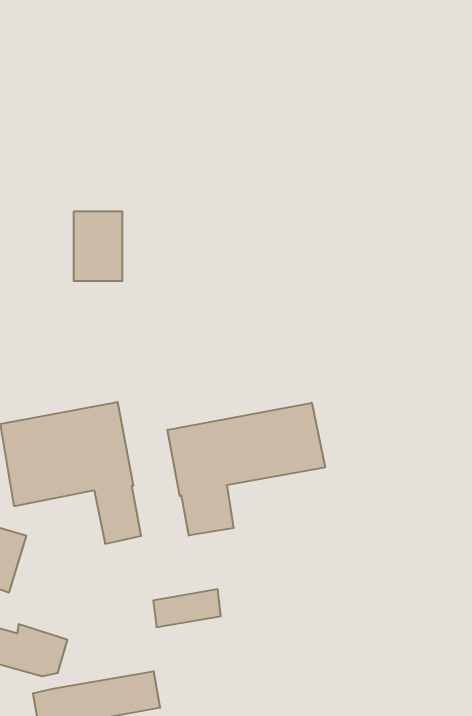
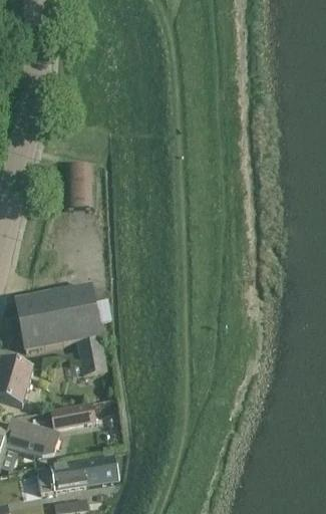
building: [168,403,325,536] -> none
building: [153,589,221,627] -> [45,402,88,426]

